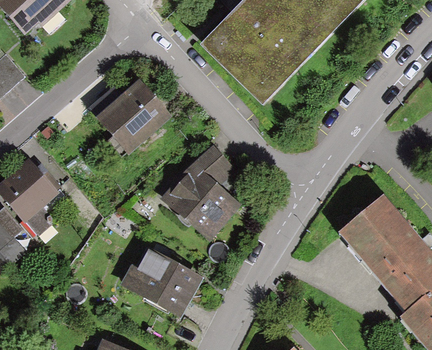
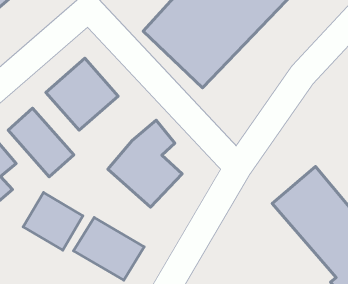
building: none -> [8,108,74,177]
building: none -> [23,193,83,250]

